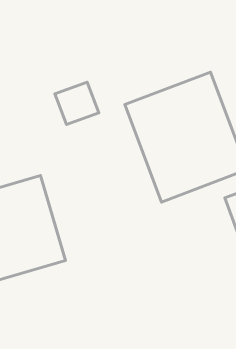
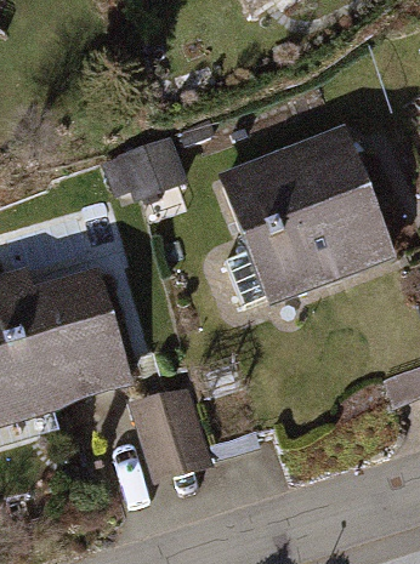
building: none -> [131,386,210,480]

